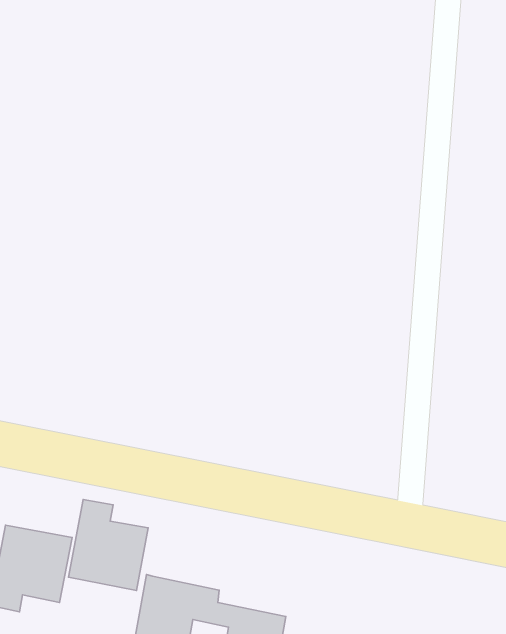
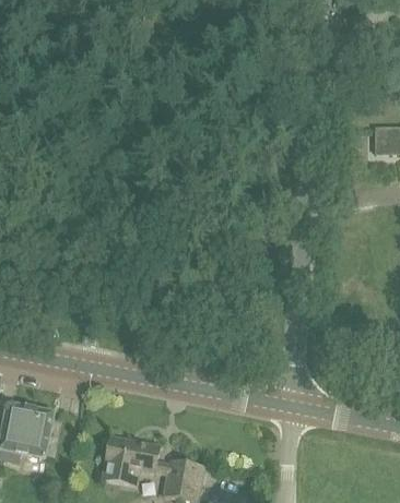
building: [68,500,148,590] -> none

